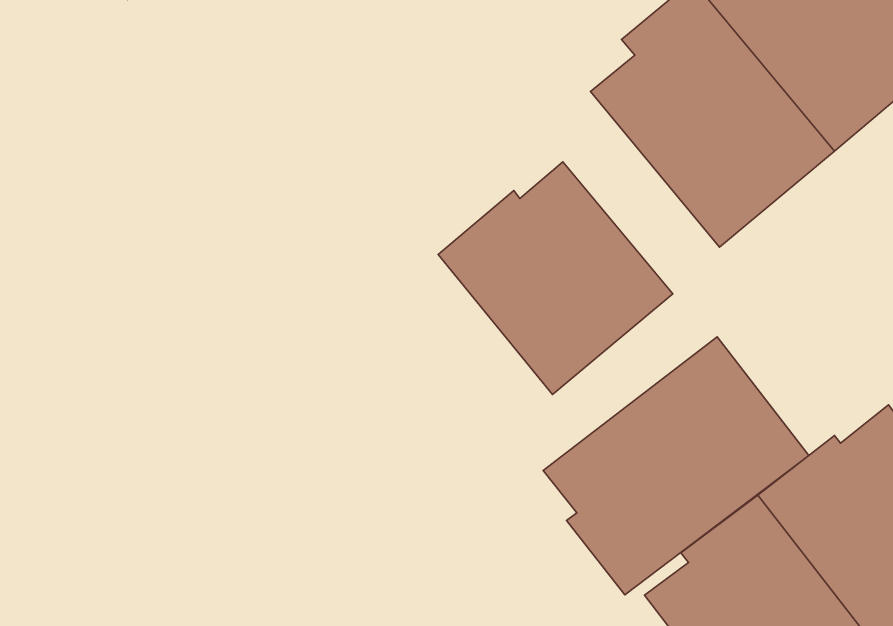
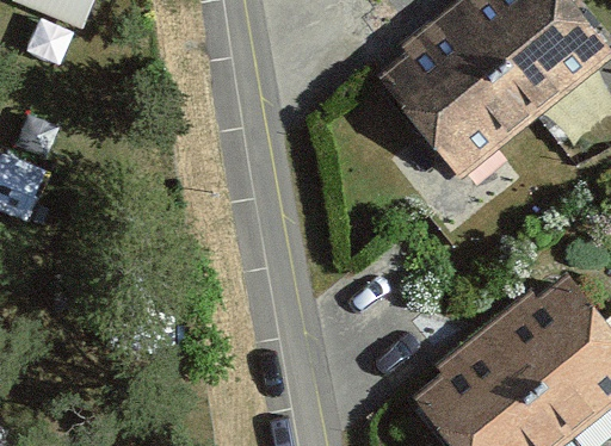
building: [438,162,673,394] -> none
building: [543,337,809,595] -> none

